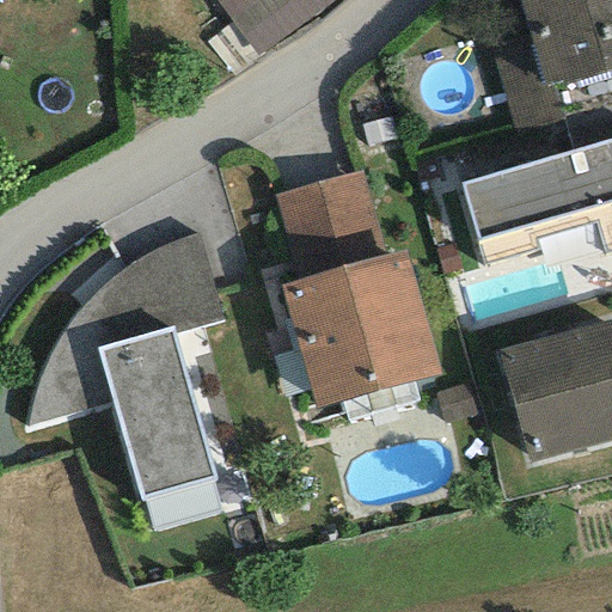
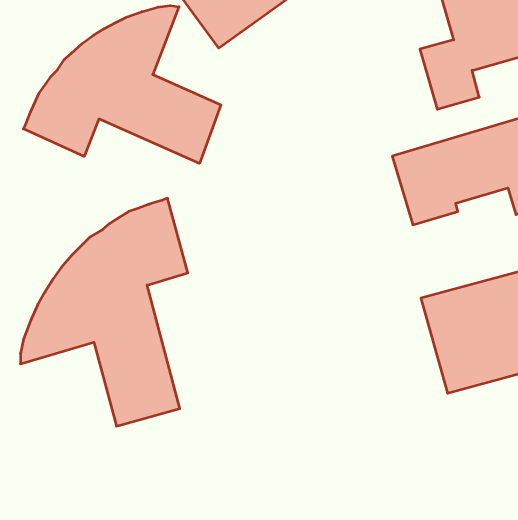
building: none -> [23,6,221,163]
building: [276,171,443,408] -> none

